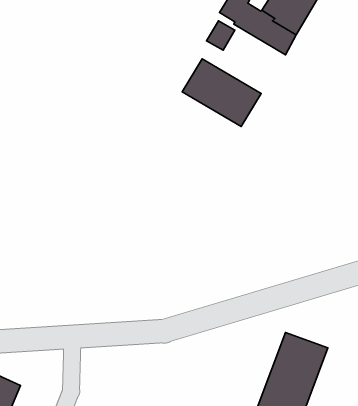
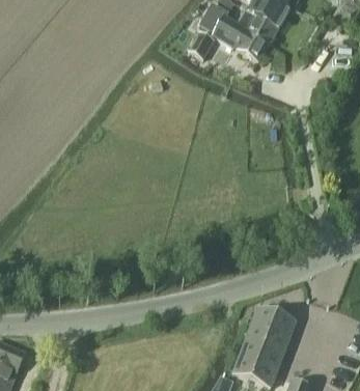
building: [182,59,261,126] -> none

